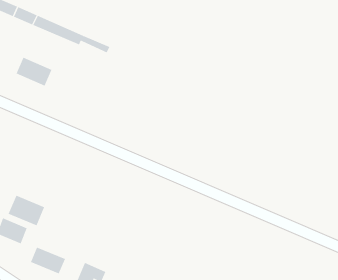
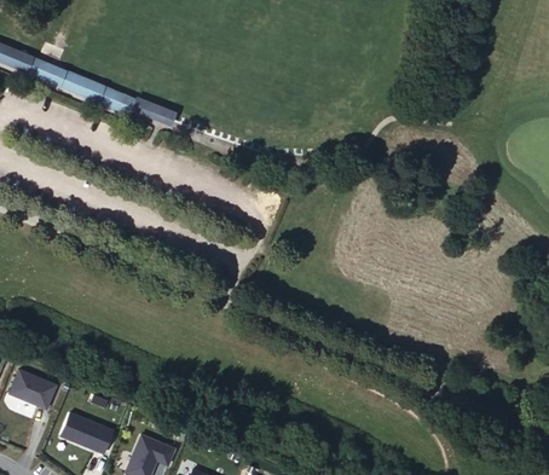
building: [16,57,52,87] -> none
building: [8,195,45,226] -> none

